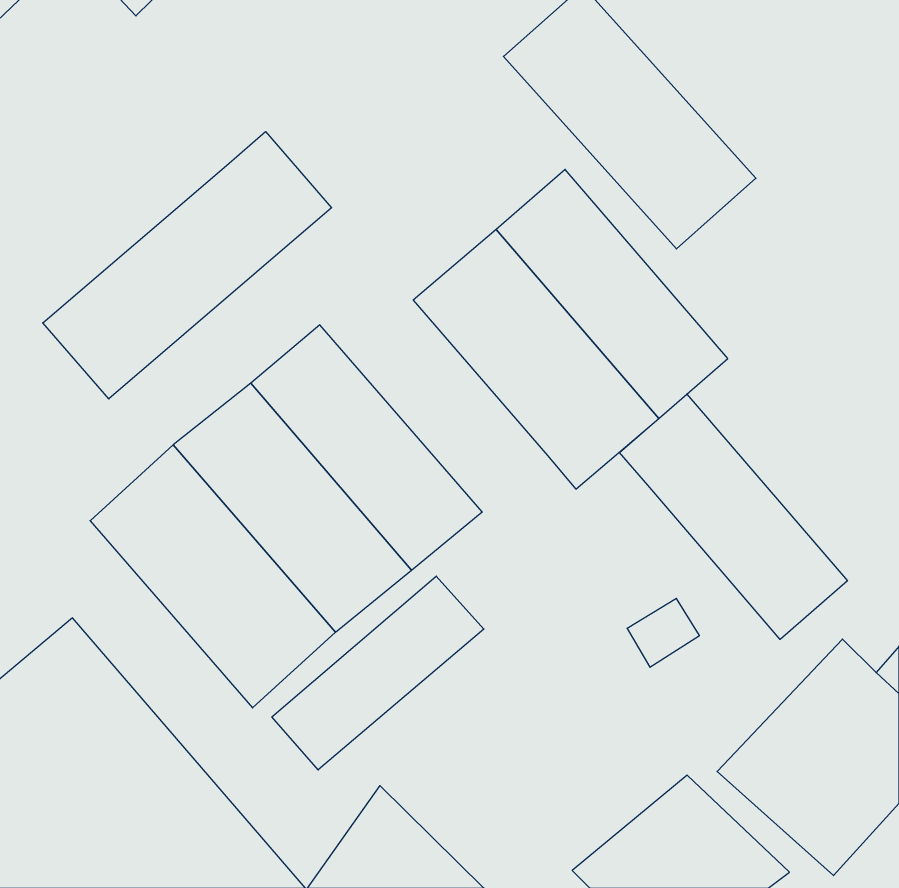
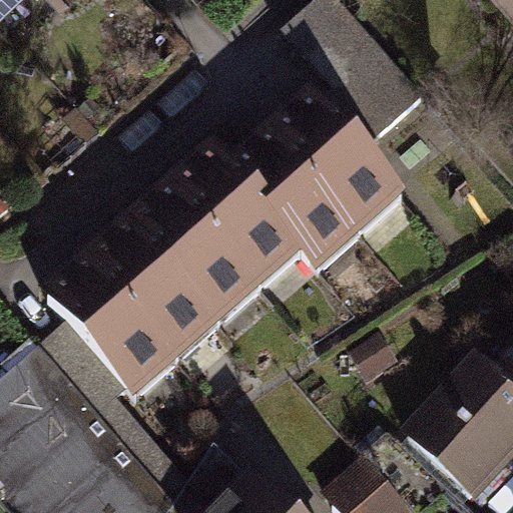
building: [43,132,332,399] -> none
building: none -> [181,152,311,291]
building: [619,394,847,639] -> none
building: [272,576,484,770] -> none

